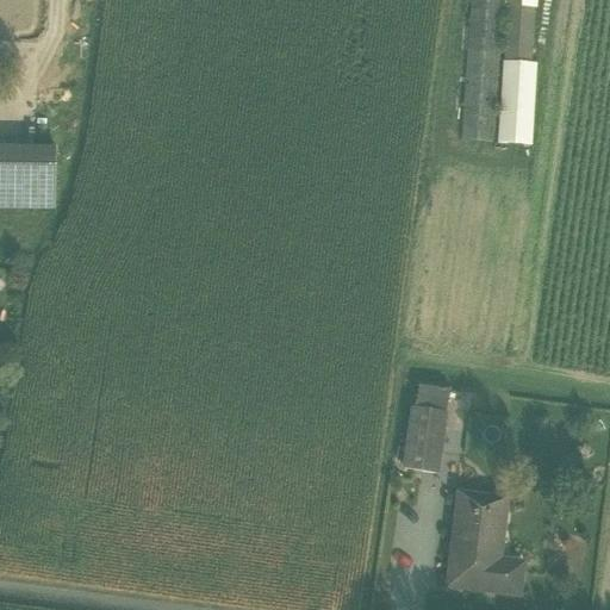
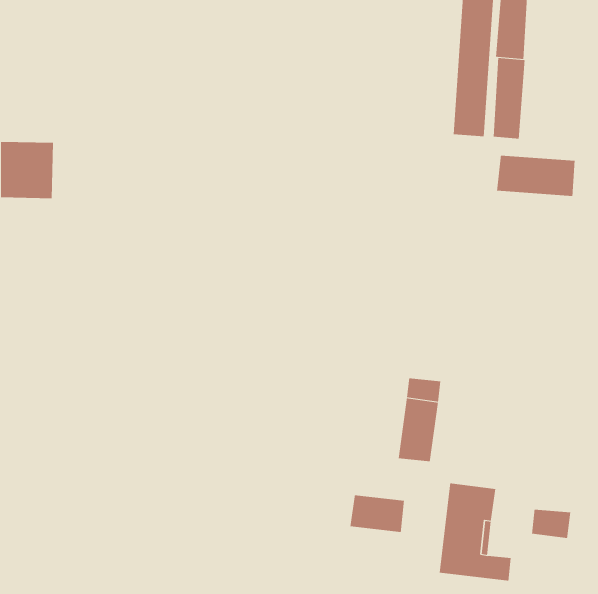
building: none -> [497,155,575,197]
building: none -> [350,495,405,533]
building: none -> [531,509,571,539]

